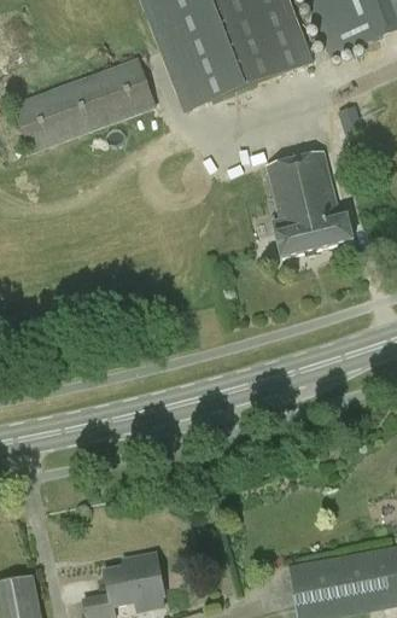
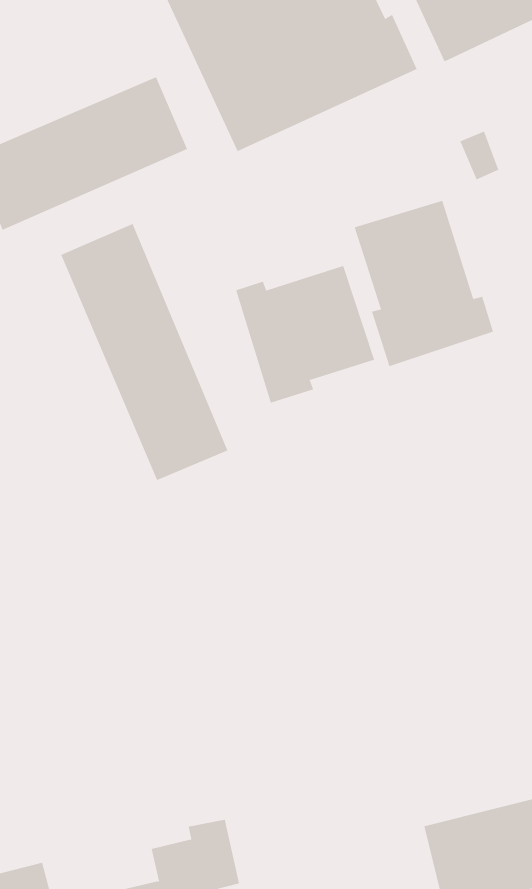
building: none -> [60,223,228,481]
building: none -> [235,265,375,404]

